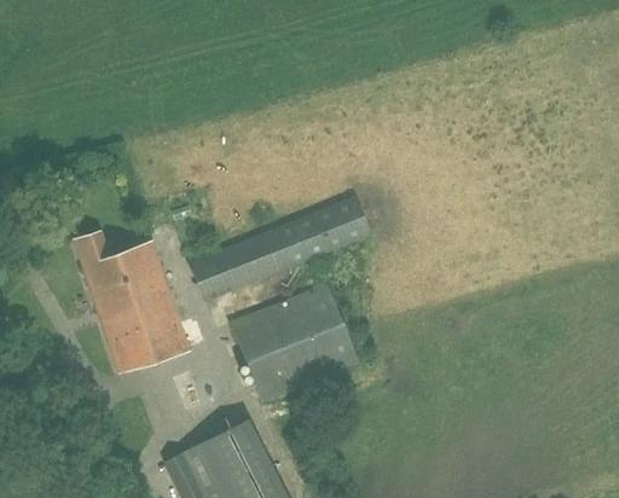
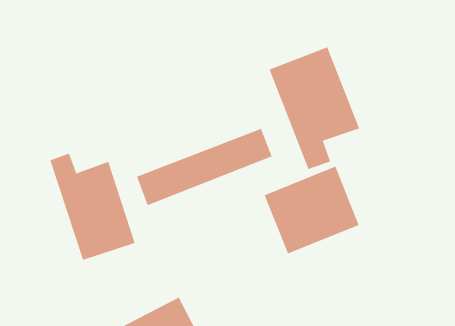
building: none -> [269,47,360,170]
building: [231,283,358,400] -> [264,166,360,254]

